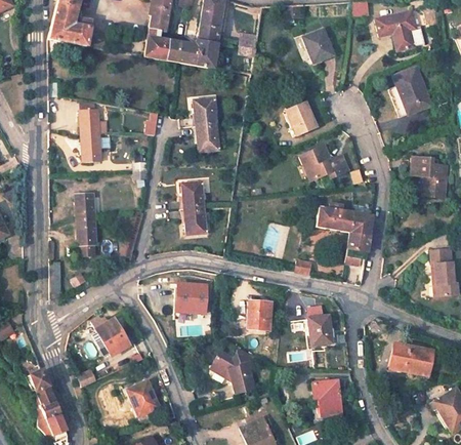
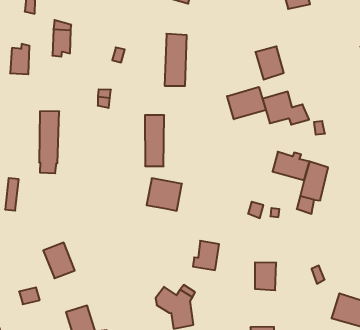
building: [82,129,101,160] -> [10,44,30,74]
building: none -> [227,87,266,119]
building: [174,286,207,316] -> [147,178,182,211]

